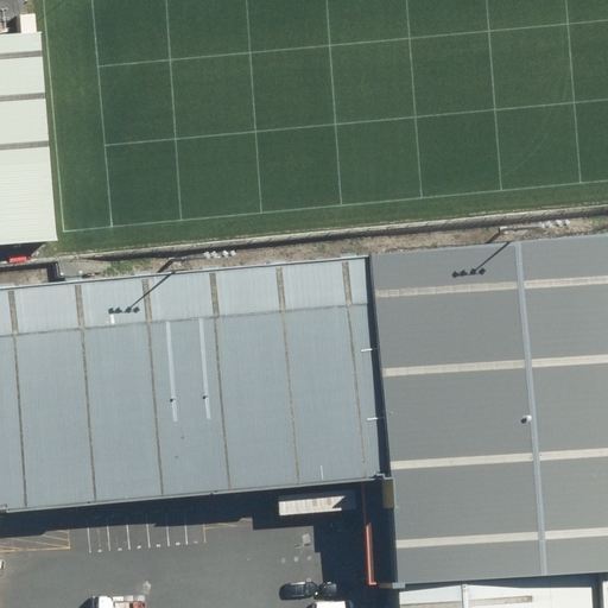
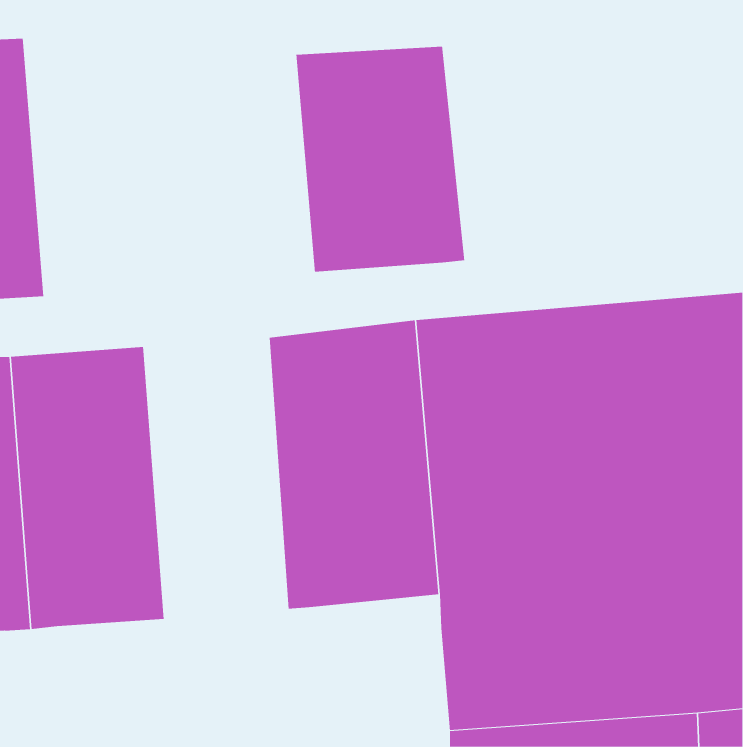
building: none -> [296,46,465,272]
building: [116,273,233,501] -> none

